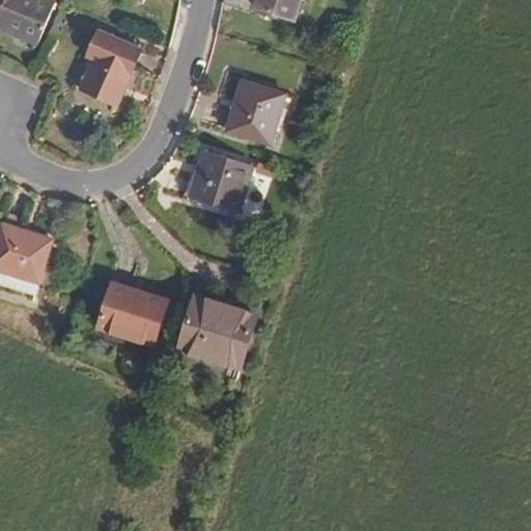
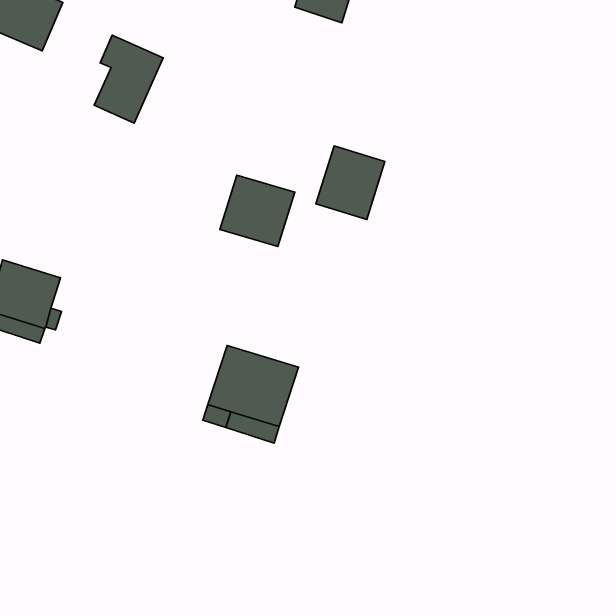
building: [226,80,285,143] -> [316,146,385,219]
building: [99,283,159,341] -> none

